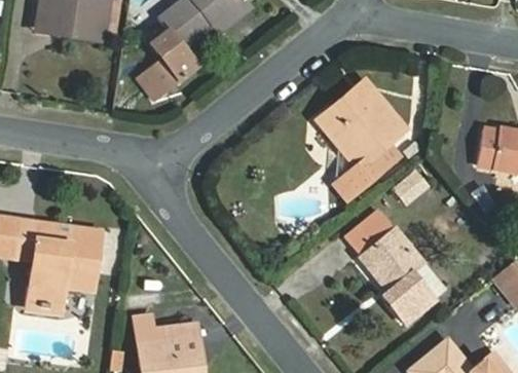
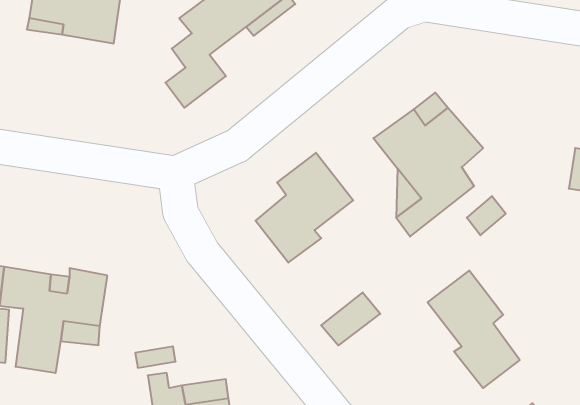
building: none -> [255,153,353,263]
building: [346,211,395,254] -> [321,292,380,345]

